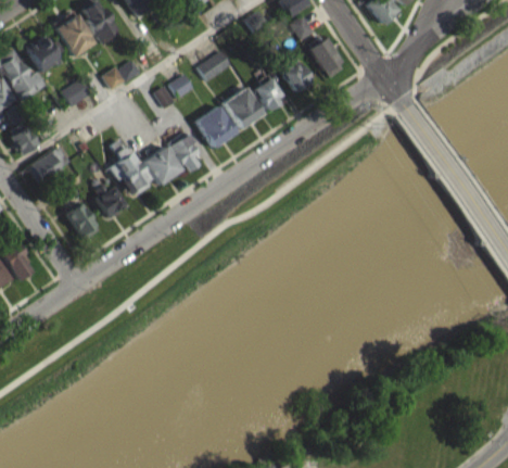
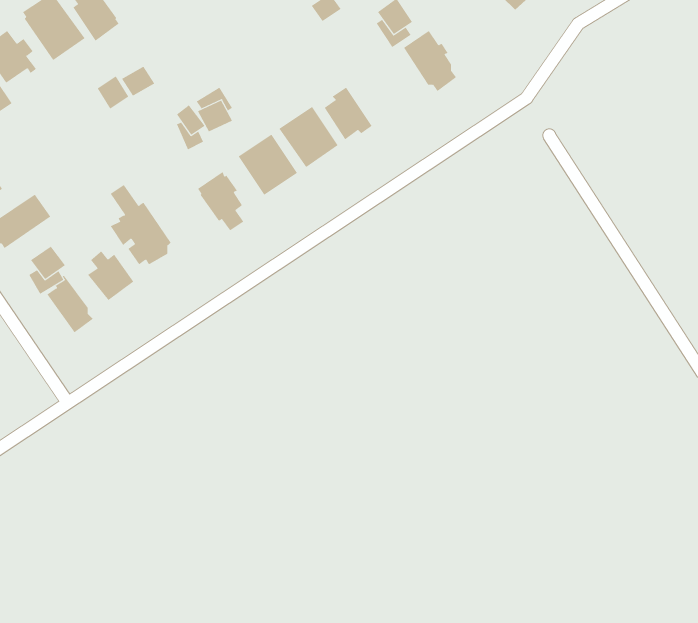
building: [198,52,230,81] -> none
building: [279,56,314,92] -> none
building: [62,79,91,107] -> none
building: [144,147,182,186] -> none

